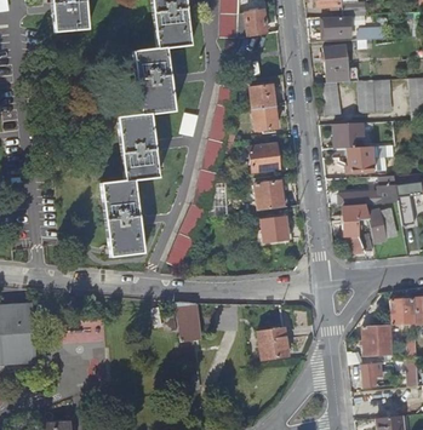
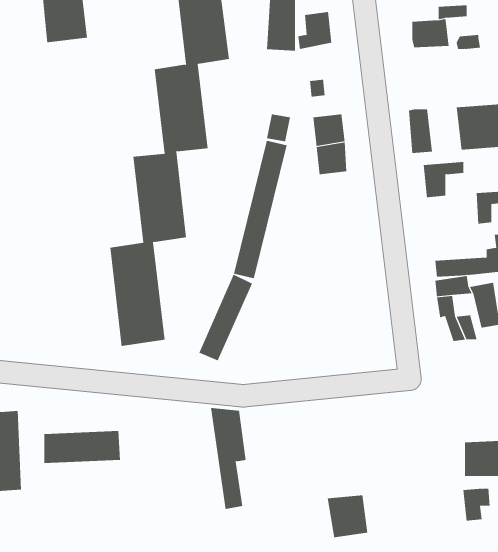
building: [321,44,356,82] -> none
building: [250,144,280,172] -> none
building: [347,144,372,168] -> none
building: [259,180,291,210] -> none
building: [262,217,288,243] -> none
building: [258,328,288,360] -> [327,495,368,538]

